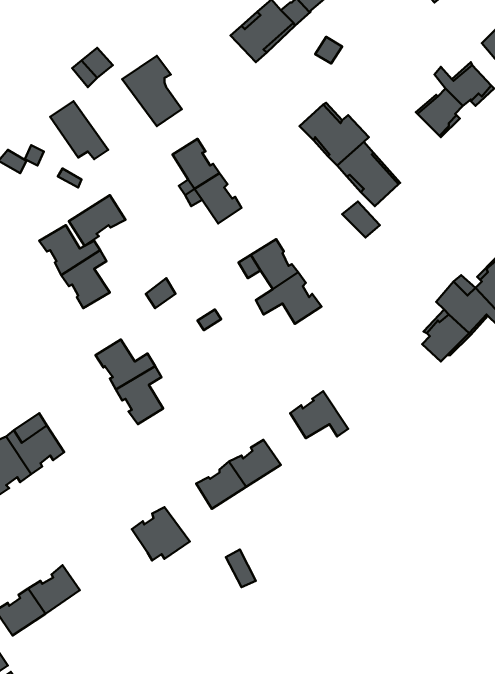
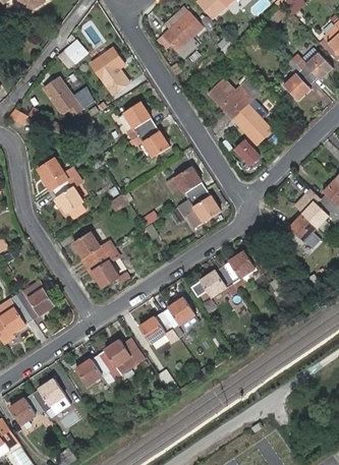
building: [69,195,126,246] -> none
building: none -> [222,251,255,290]
building: none -> [75,355,108,385]

